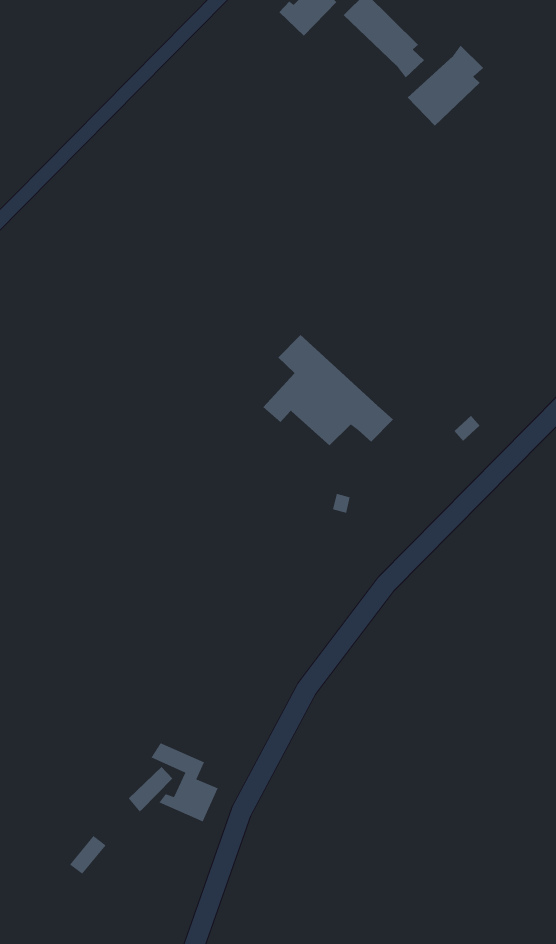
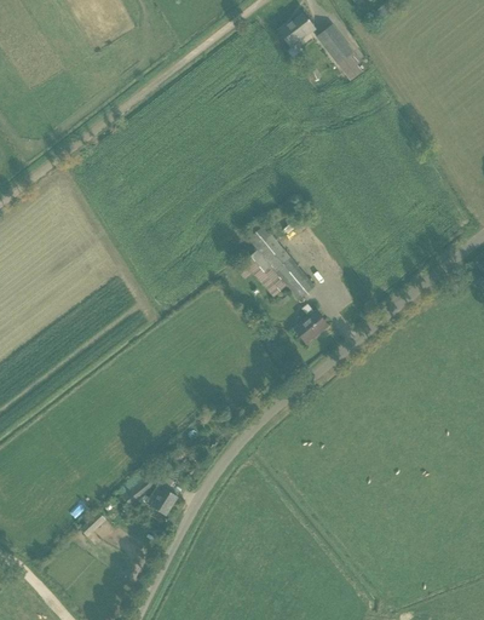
building: [407,45,484,126] -> none
building: none -> [295,304,329,344]

